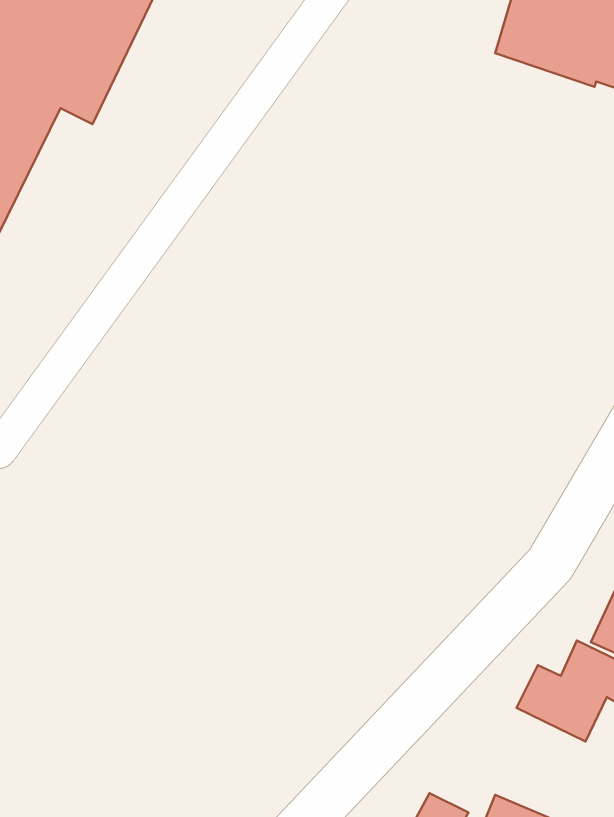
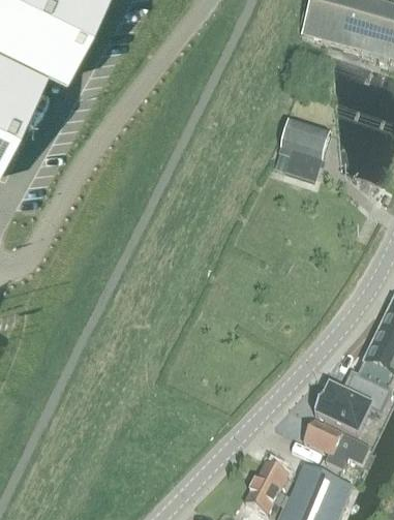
building: none -> [281,119,331,187]
building: none -> [304,421,369,469]

